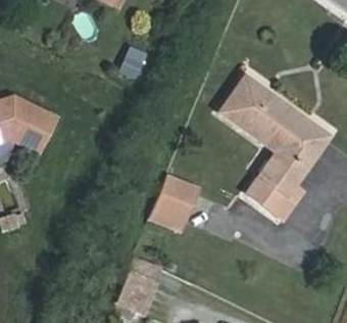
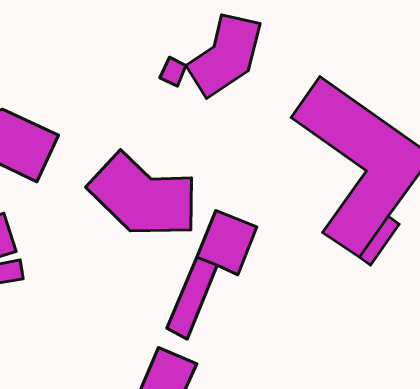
building: none -> [186,15,260,98]
building: none -> [86,149,191,231]

